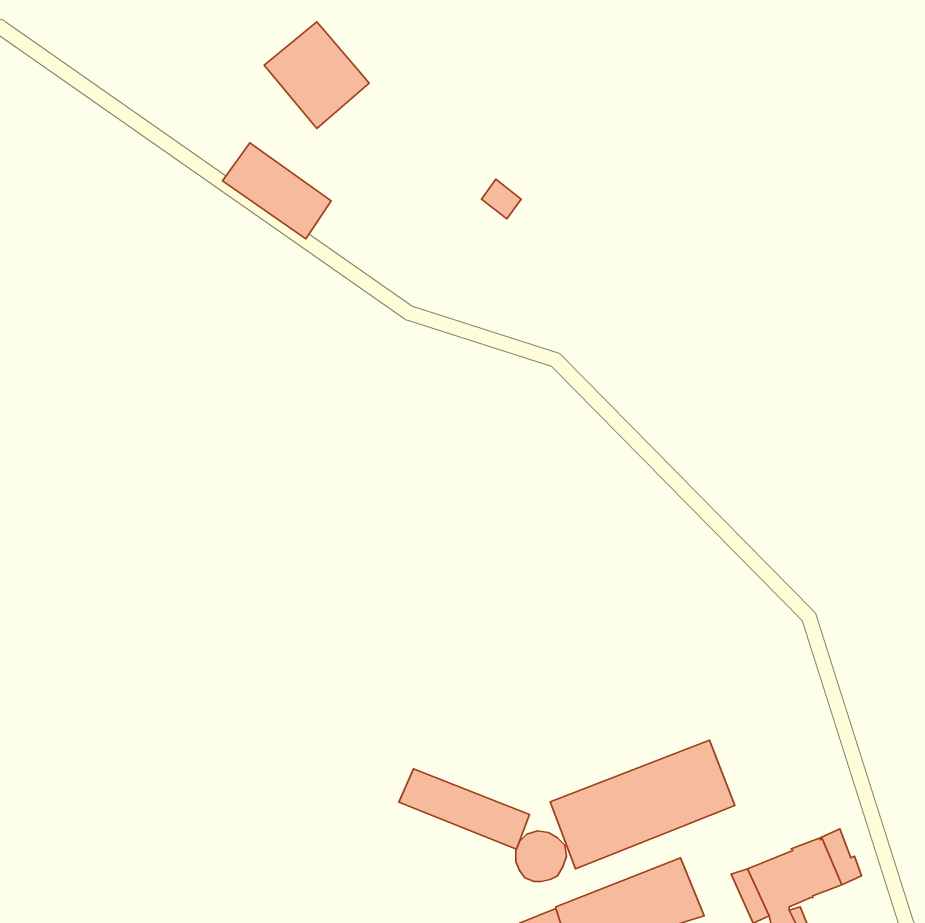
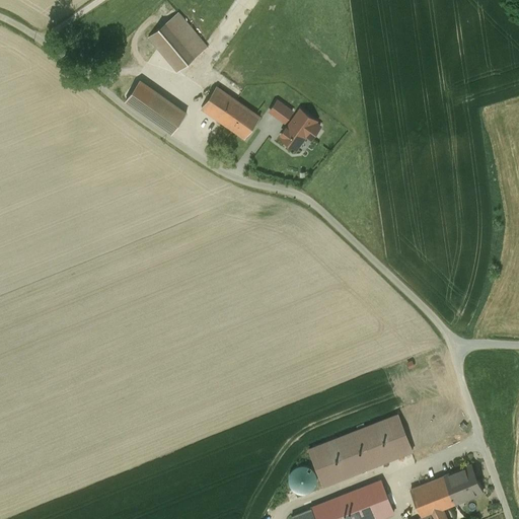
building: none -> [201,87,260,140]
building: none -> [281,110,320,150]
building: [399,769,530,849] -> none

